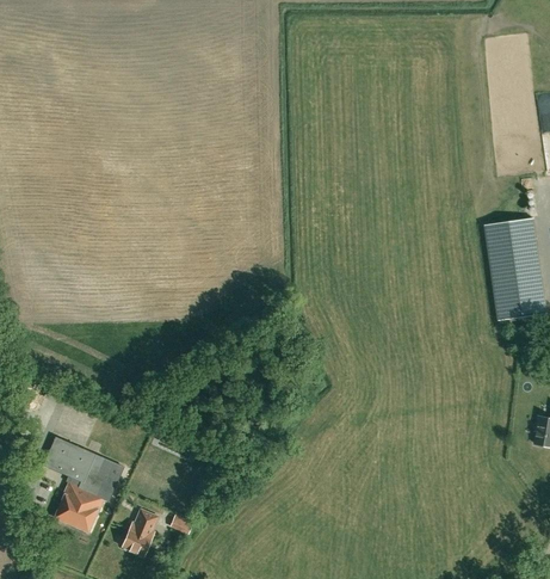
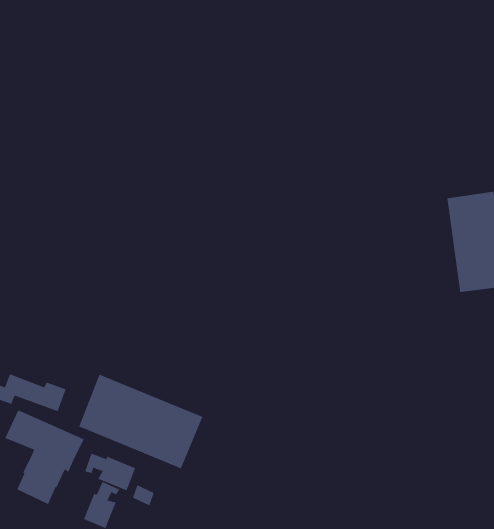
building: none -> [78,374,203,469]
building: none -> [84,453,136,491]

